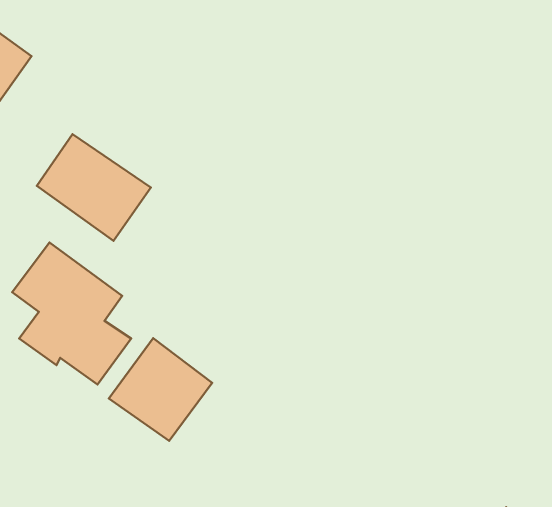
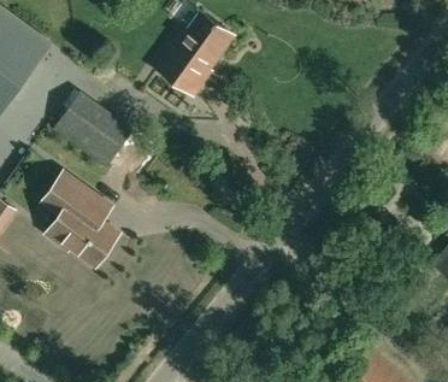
building: none -> [155,11,231,95]
building: [109,338,212,441] -> none

